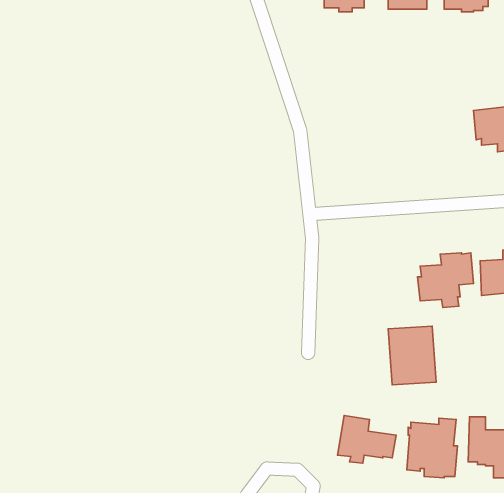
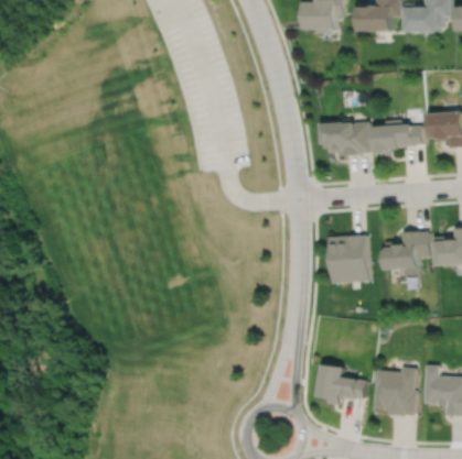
building: none -> [323,119,369,155]
building: none -> [374,120,421,155]
building: [388,326,436,385] -> [329,236,368,284]

